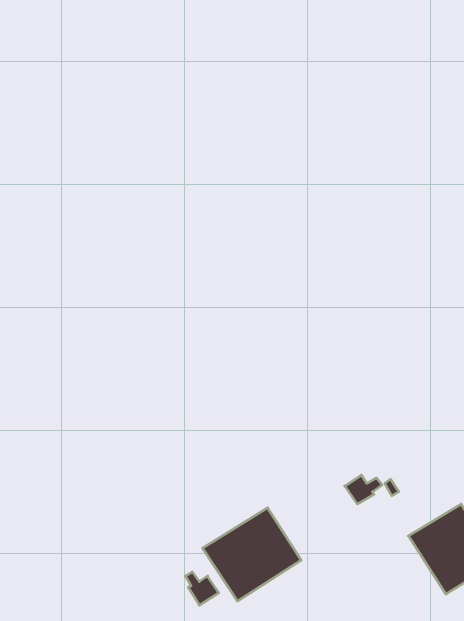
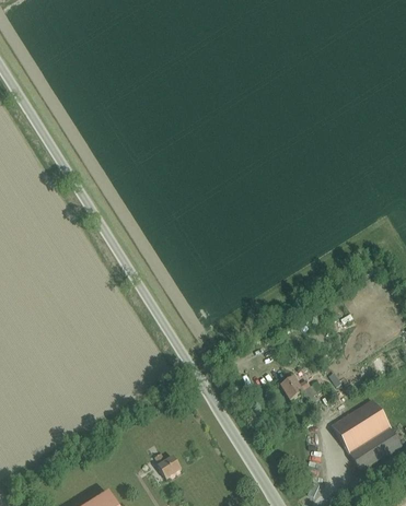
building: [203,508,301,601] -> none

